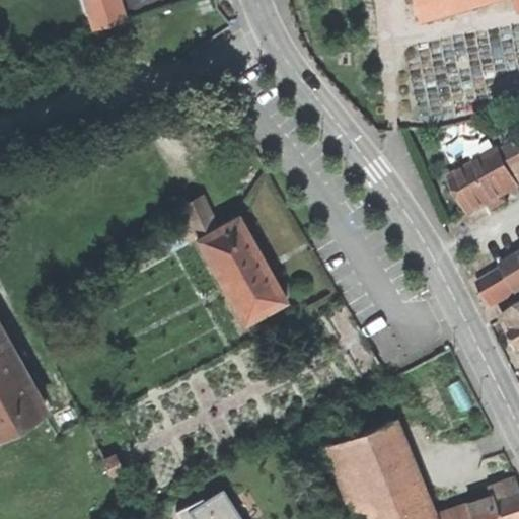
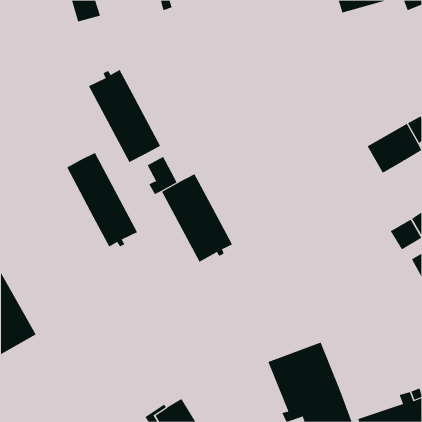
building: none -> [88,69,161,163]
building: none -> [66,152,138,248]

